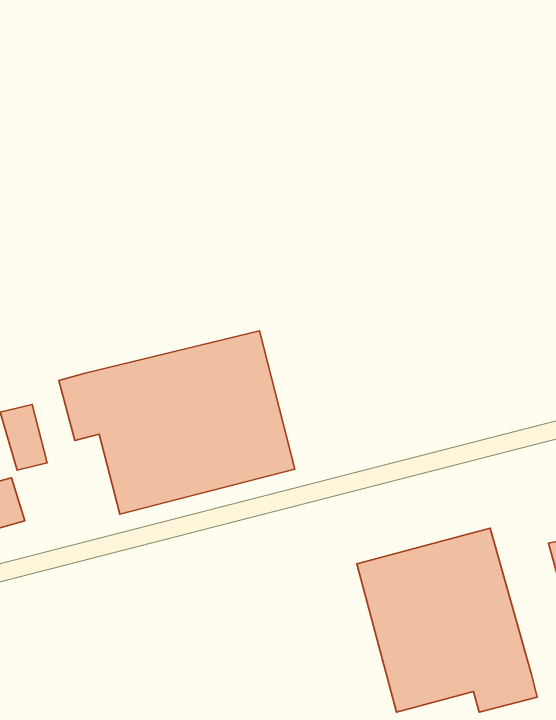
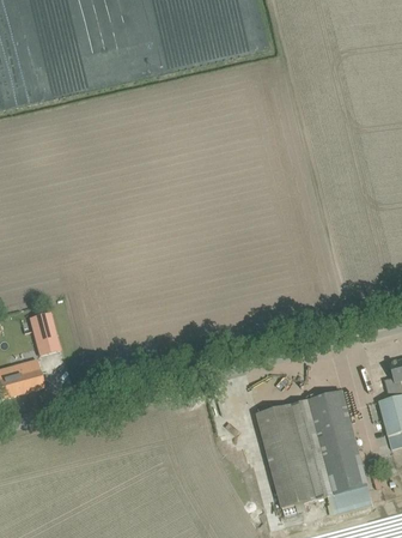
building: [59,331,295,514] -> none

